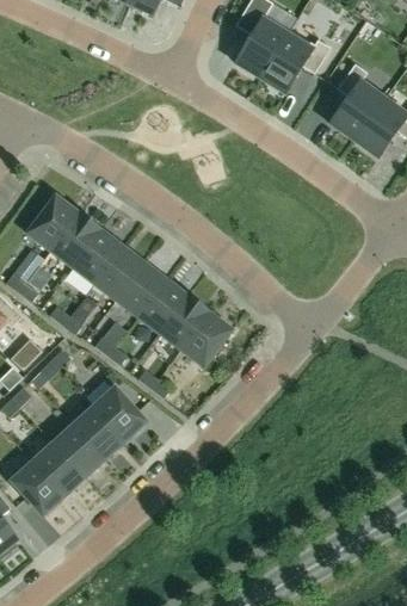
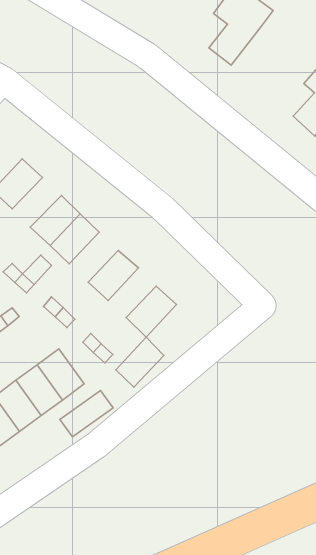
building: [260,33,331,93] -> none
building: [51,212,100,265] -> none
building: [116,262,165,315] -> none
building: [160,295,208,347] -> [116,337,164,387]
building: none -> [60,391,113,437]

